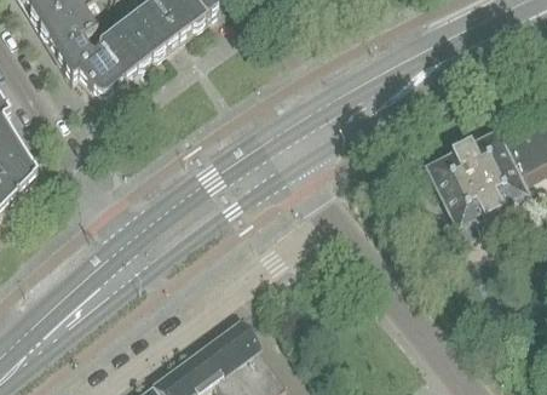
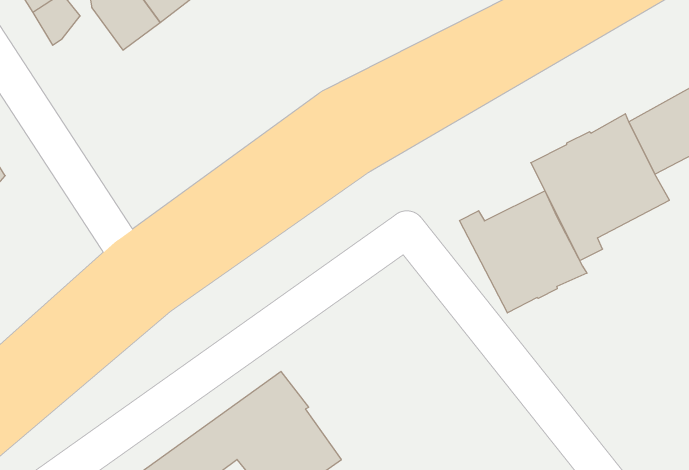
building: [79,48,123,92] -> none
building: none -> [460,191,587,313]

